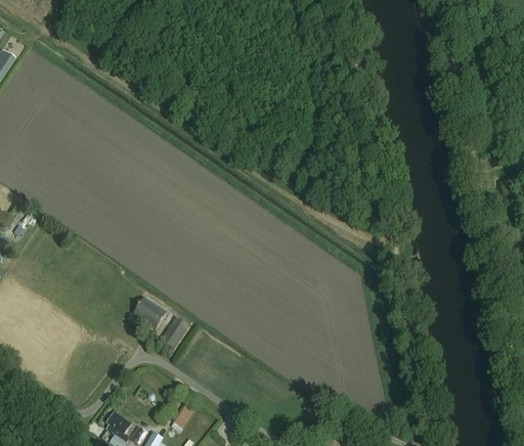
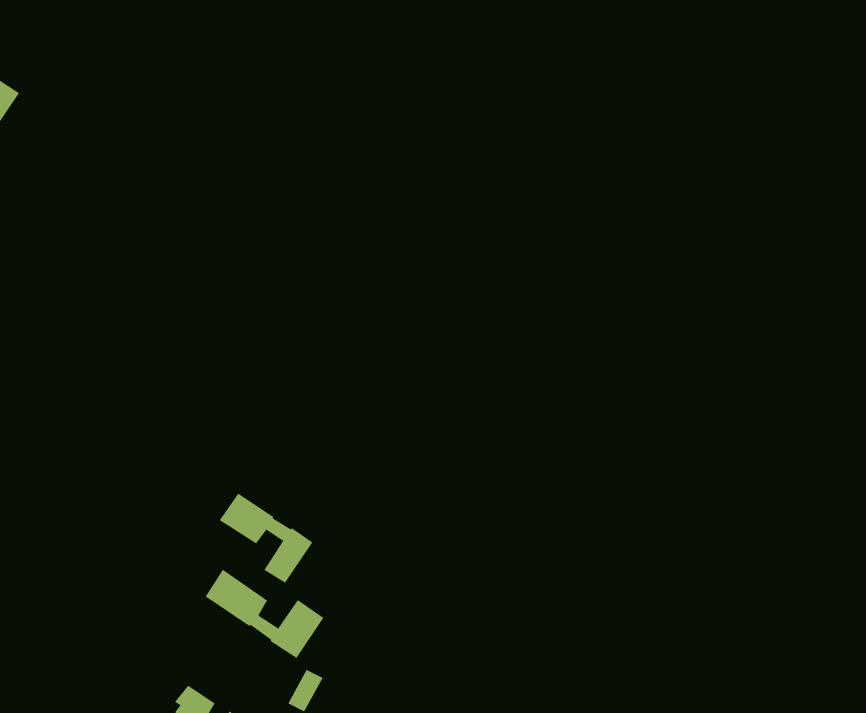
building: none -> [205,569,324,659]

